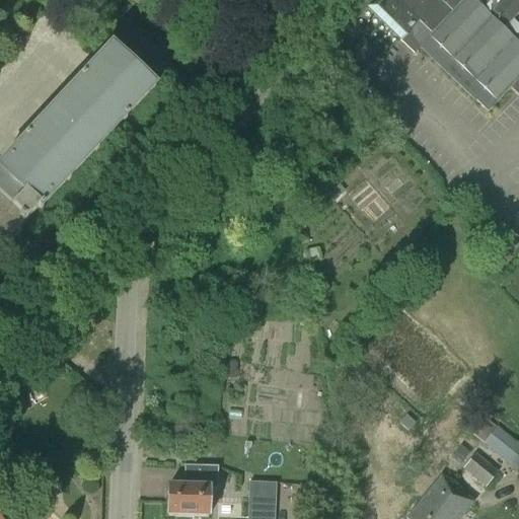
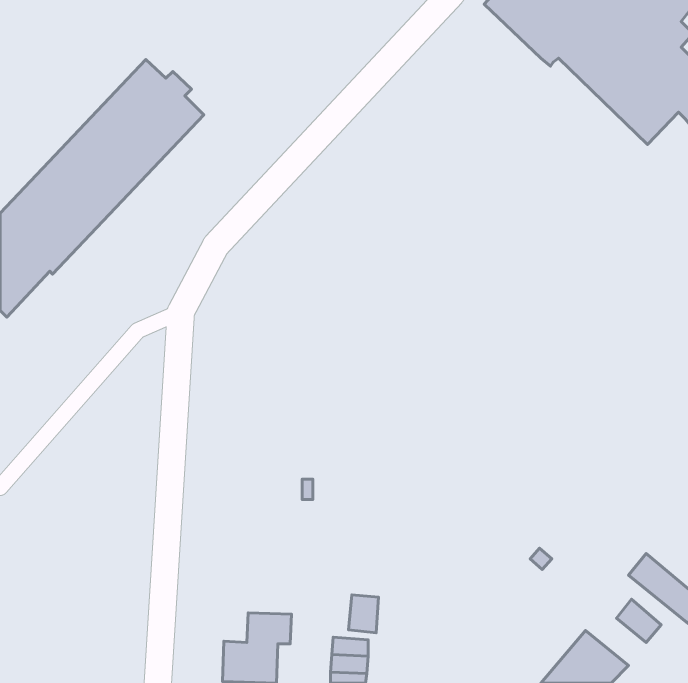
building: none -> [348,595,378,633]

